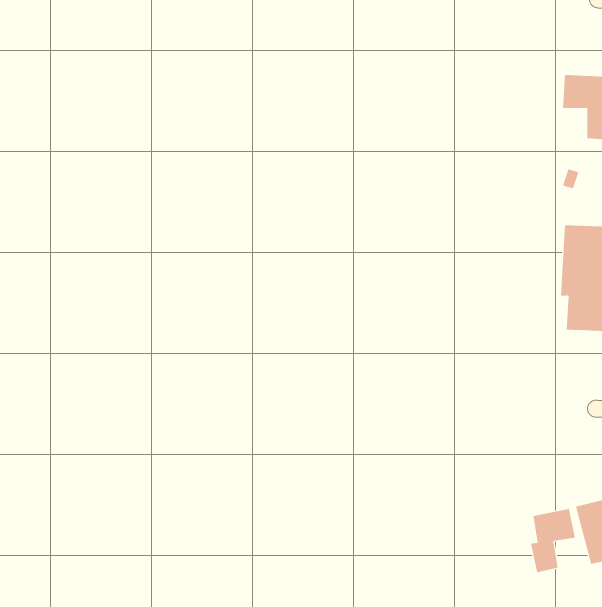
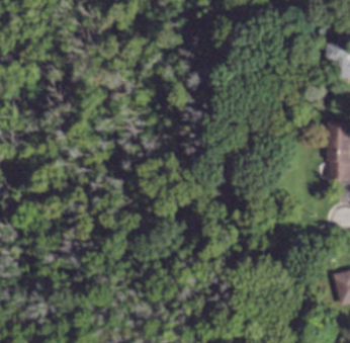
building: [530,508,576,573] -> none

